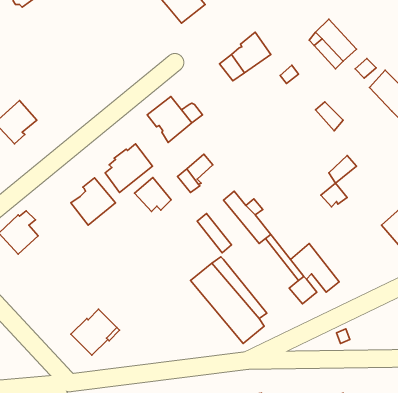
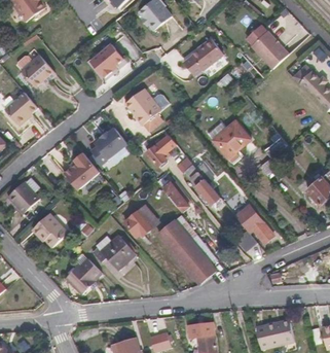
building: none -> [88,44,122,78]
building: none -> [21,54,54,85]
building: none -> [208,120,251,164]
building: [134,177,171,212] -> [123,210,152,237]
building: none -> [32,216,66,248]
building: none -> [91,235,135,270]

